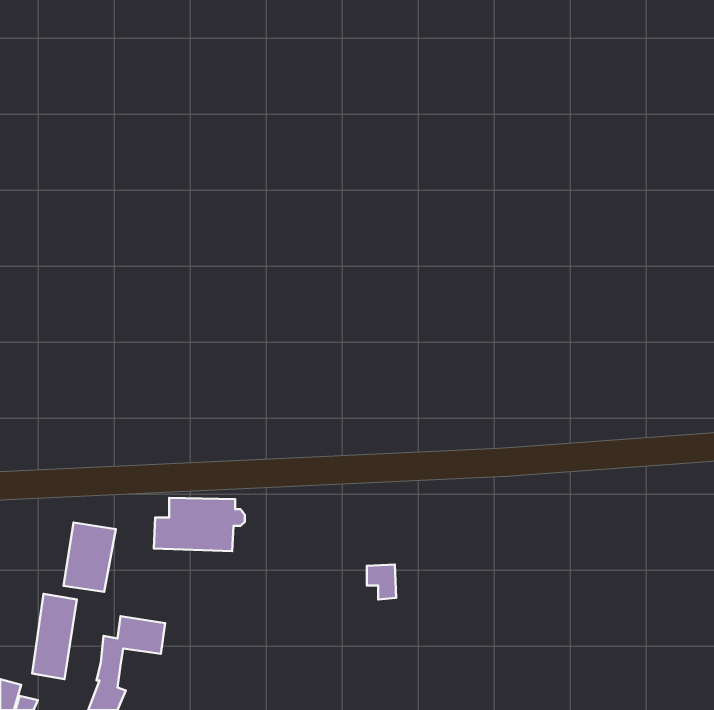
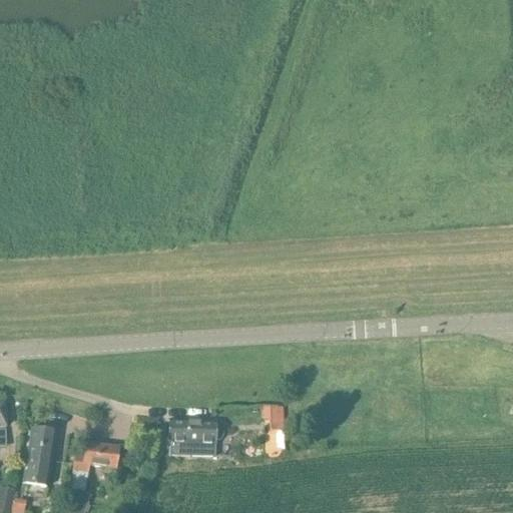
building: [154,498,245,551] -> [158,418,223,456]
building: [64,523,116,592] -> none

